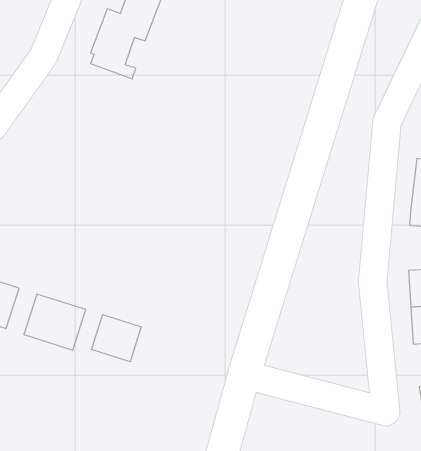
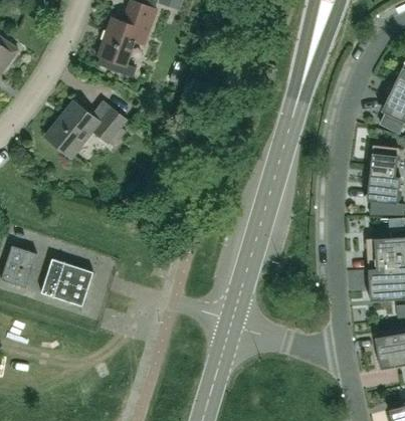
building: none -> [47,100,128,156]
building: [91,315,141,362] -> none

